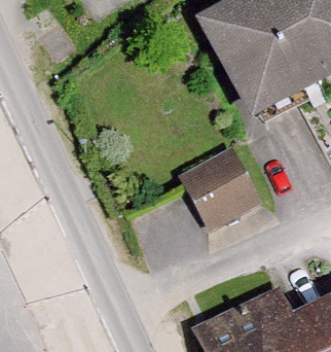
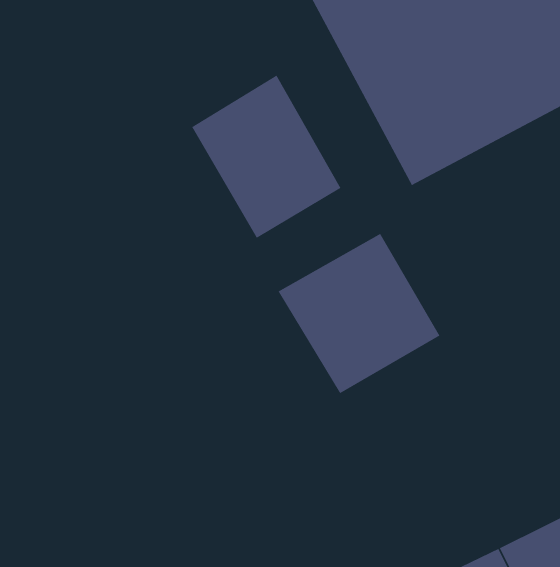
building: none -> [191,75,342,239]

